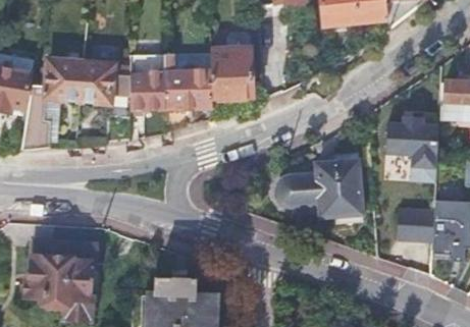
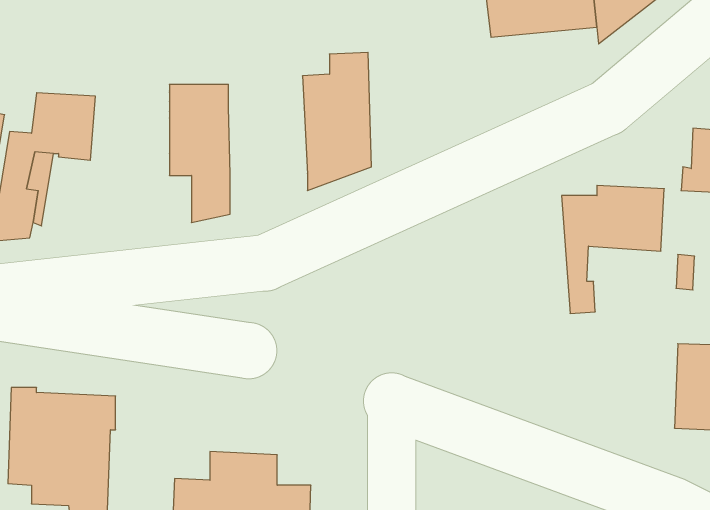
building: [164,54,212,132] -> none
building: [81,61,129,142] -> none
building: [278,154,361,222] -> none
building: [397,206,431,240] -> none

